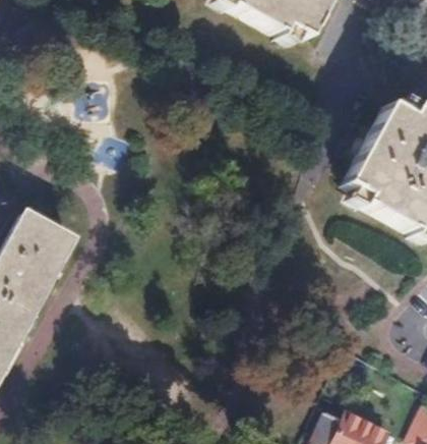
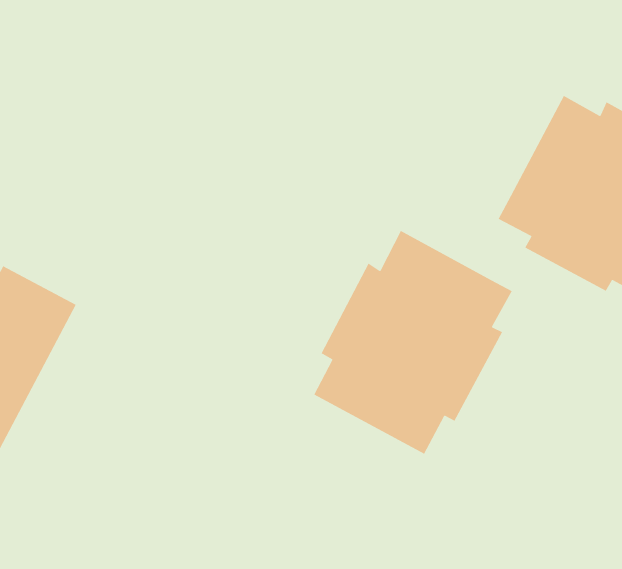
building: none -> [313,230,513,455]

